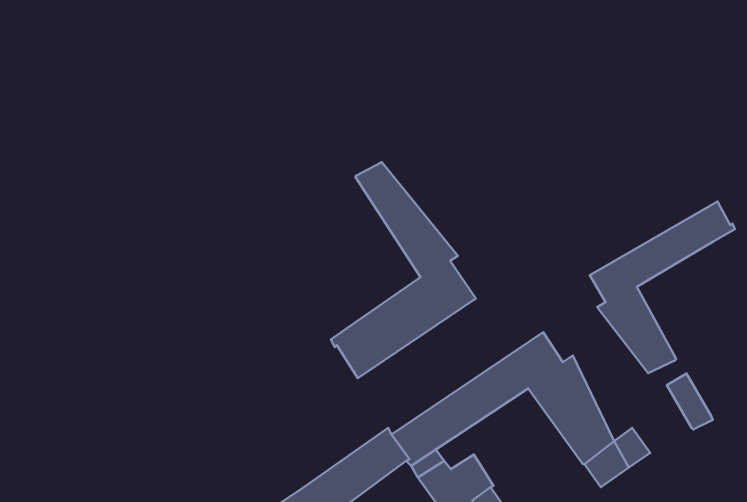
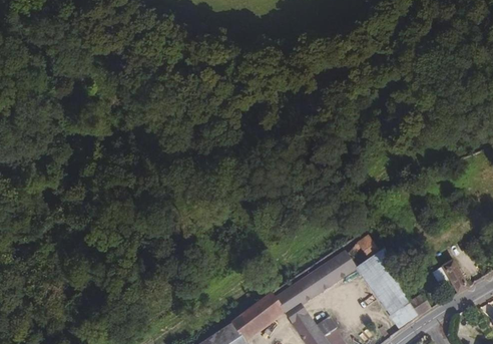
building: [331,162,476,378] -> none
building: [590,201,735,373] -> none

